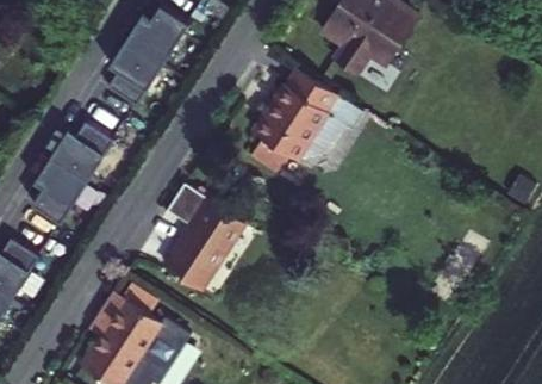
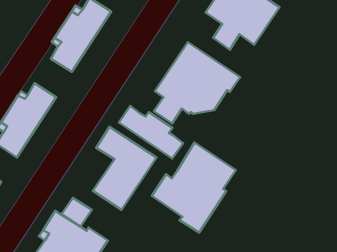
building: none -> [119,106,183,159]
building: none -> [152,143,236,232]

